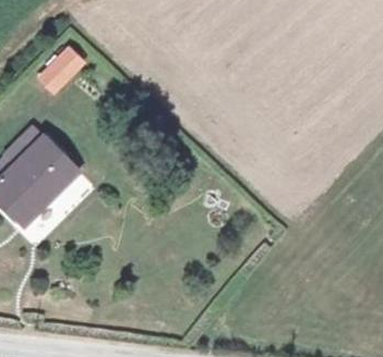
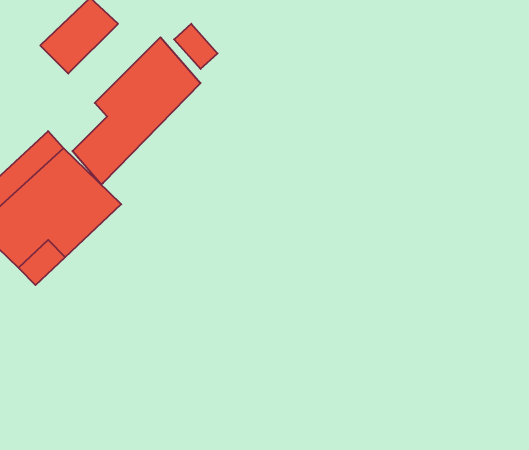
building: none -> [72,37,201,185]

